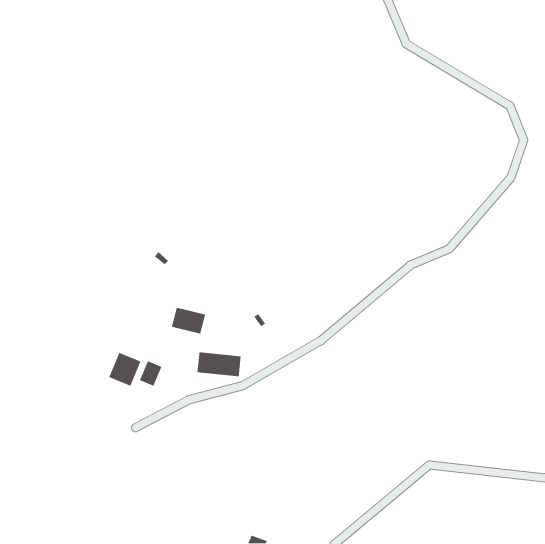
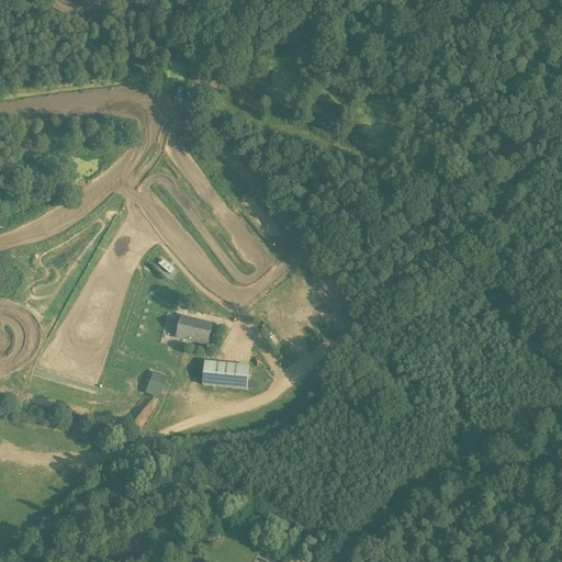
building: [108,352,142,387] -> none

